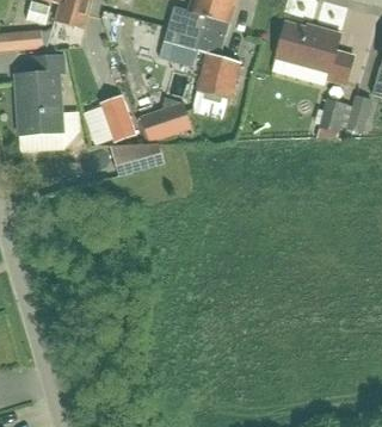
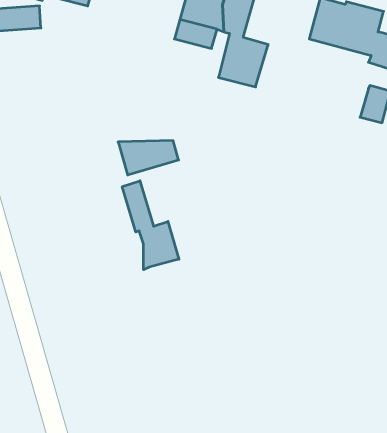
building: [13,54,62,135] -> none
building: [100,95,134,141] -> none
building: [142,101,193,141] -> none
building: none -> [122,181,179,270]

